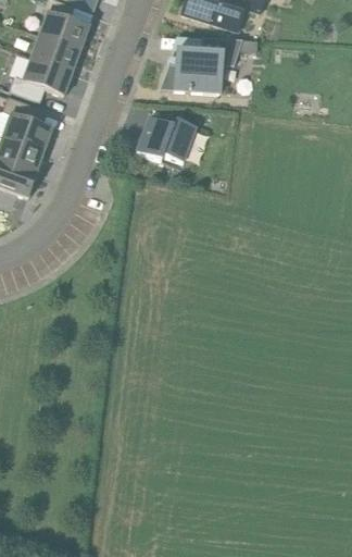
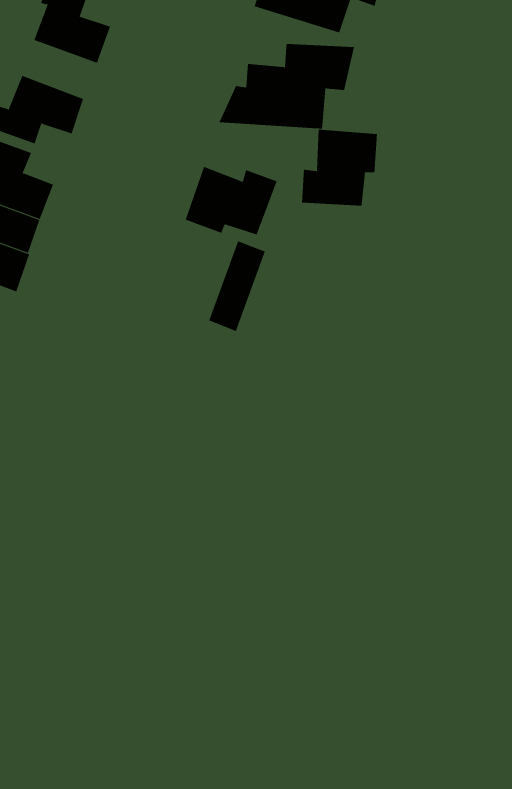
building: [32,35,80,73] -> none
building: none -> [302,129,378,207]
building: none -> [208,240,265,332]

